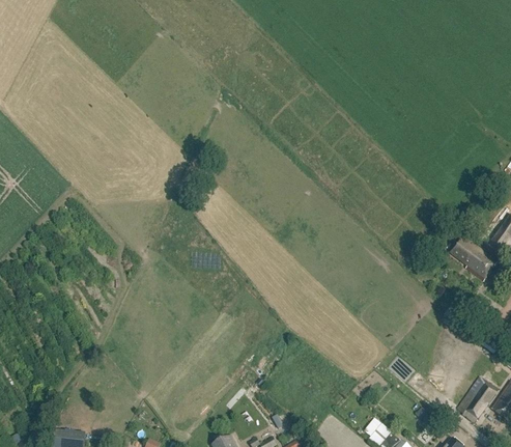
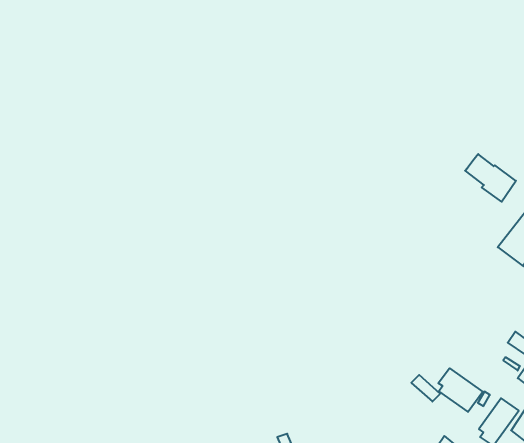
building: [449,236,496,281] -> [465,154,516,202]
building: none -> [438,368,483,412]

